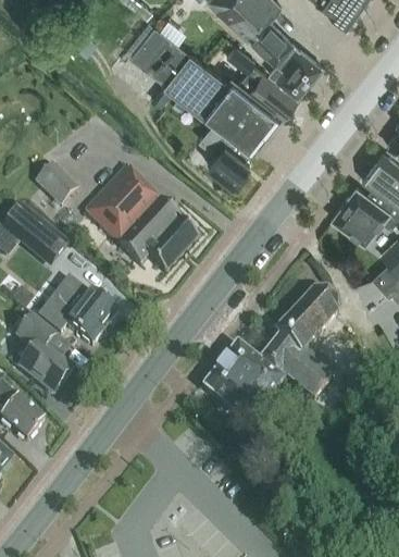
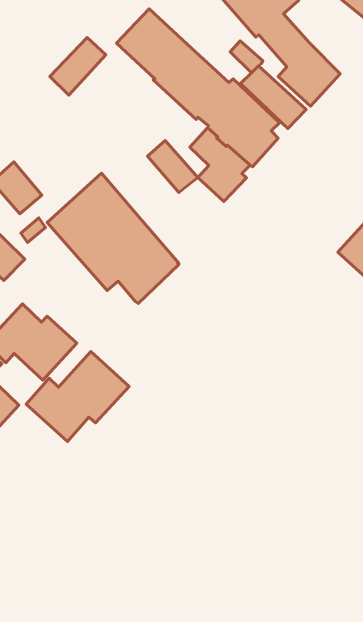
building: none -> [50,37,106,95]
building: none -> [148,141,198,193]
building: [202,292,337,424] -> none
building: none -> [26,352,129,441]

